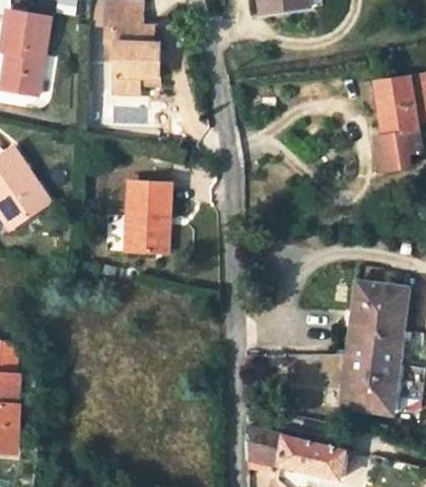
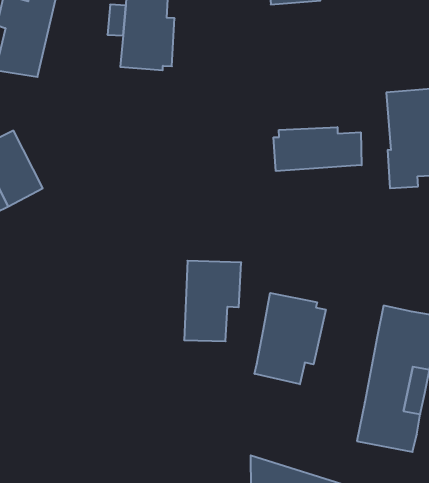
building: none -> [274,127,362,171]
building: [130,169,179,242] -> [184,261,241,341]
building: none -> [255,293,326,384]

